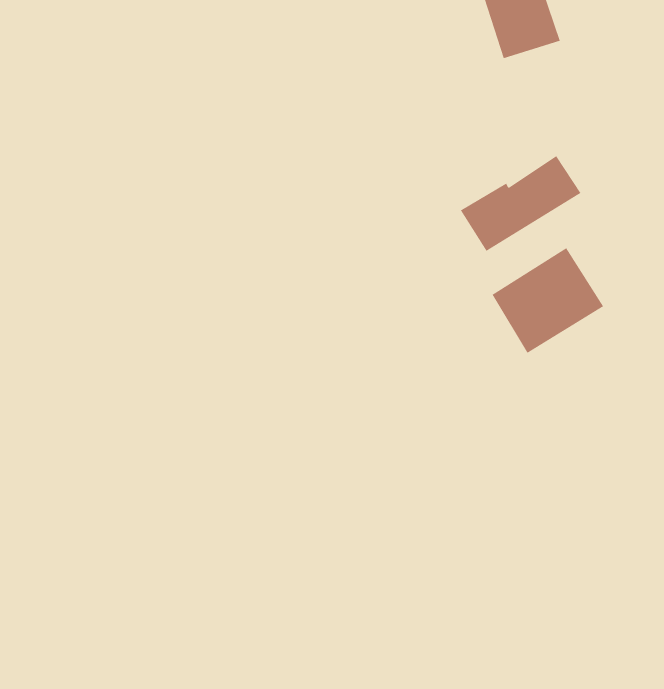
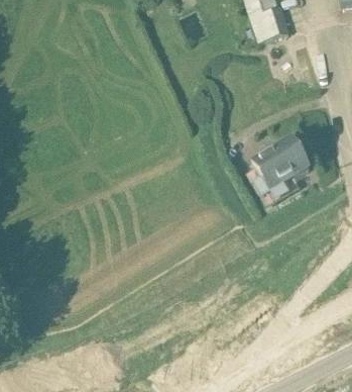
building: [460,155,582,252] -> none

